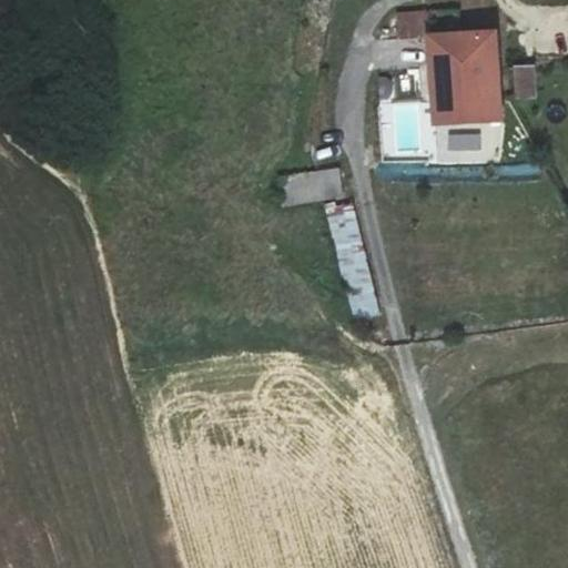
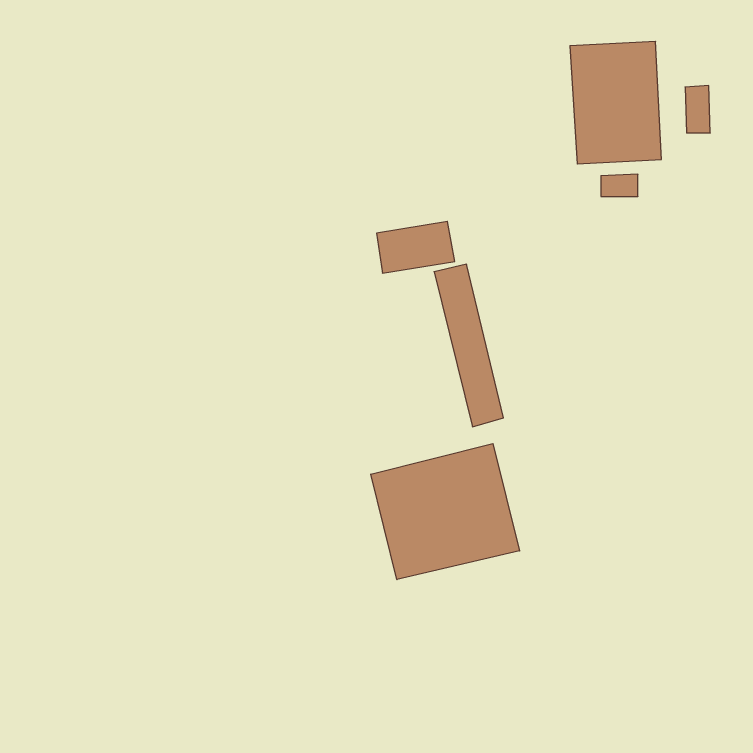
building: none -> [371,444,520,580]

